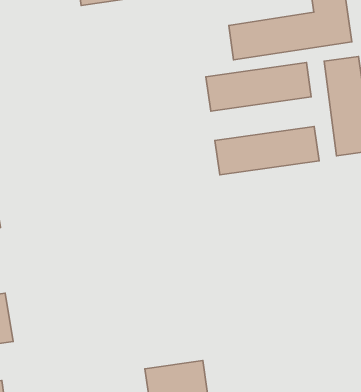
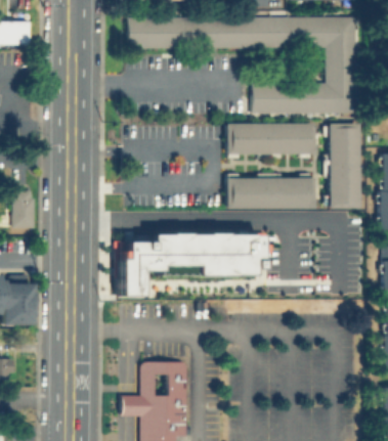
building: none -> [115,233,264,296]

